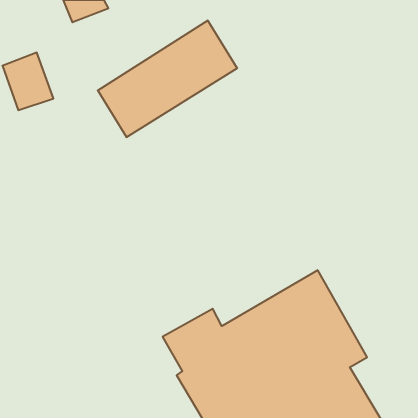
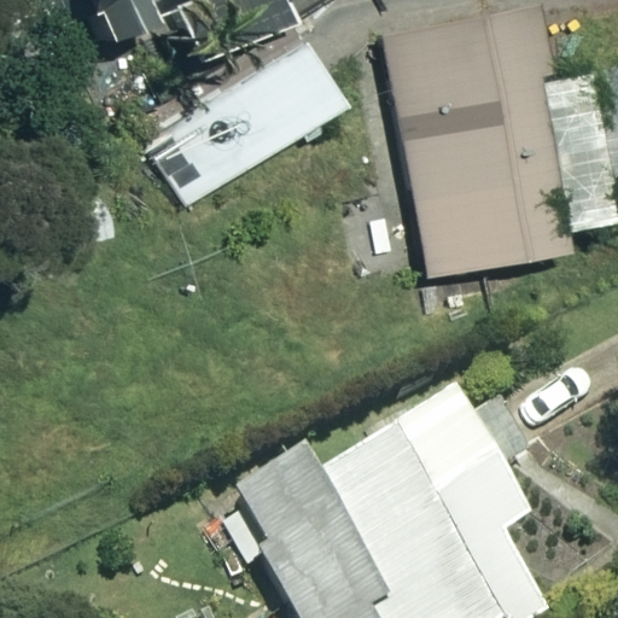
building: none -> [381,23,570,249]

